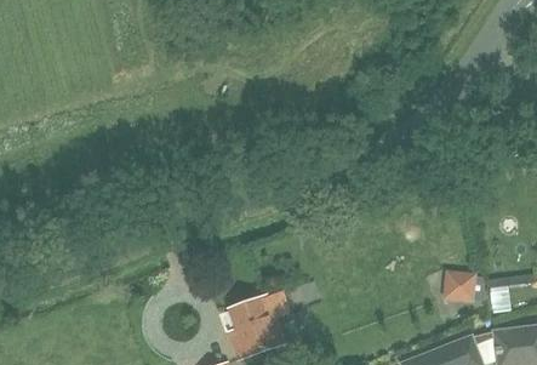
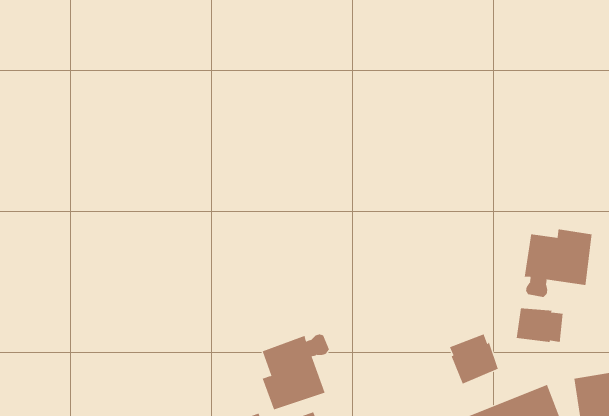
building: none -> [524,229,592,298]
building: none -> [449,334,499,384]

